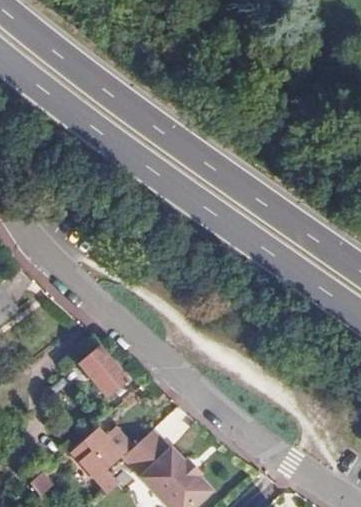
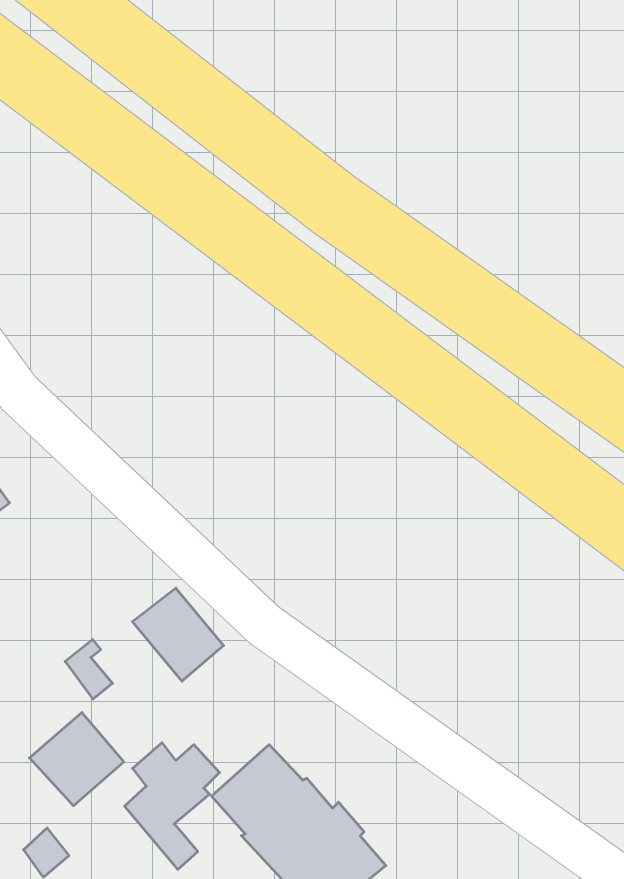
building: none -> [29,712,124,806]

